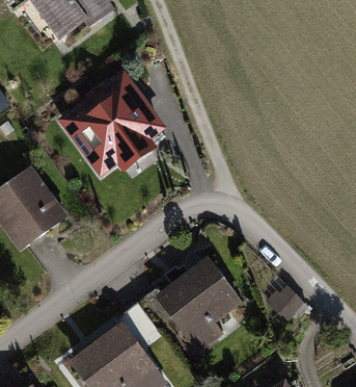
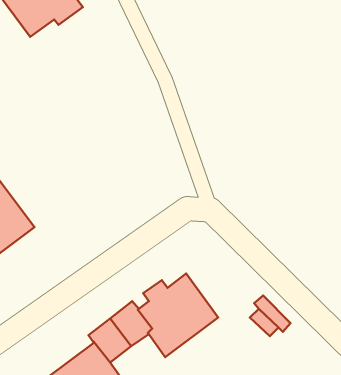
building: [64,77,161,172] -> none

